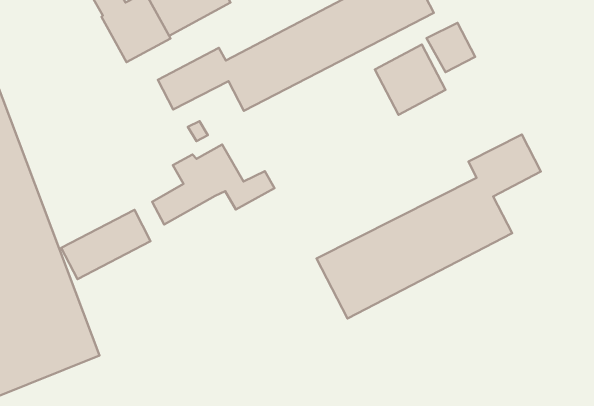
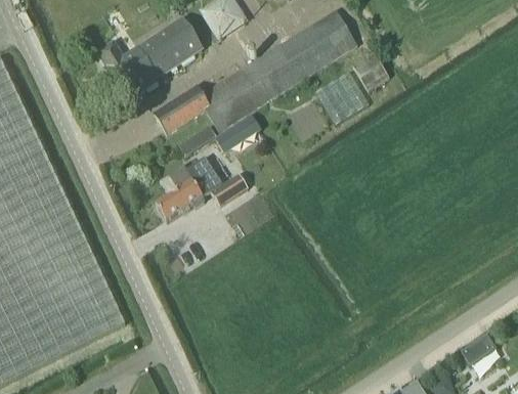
building: none -> [215,115,259,150]
building: [316,134,541,318] -> none
building: [61,210,151,279] -> none

